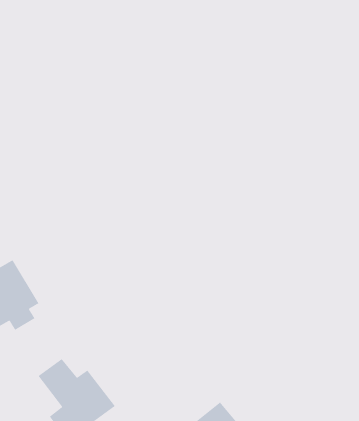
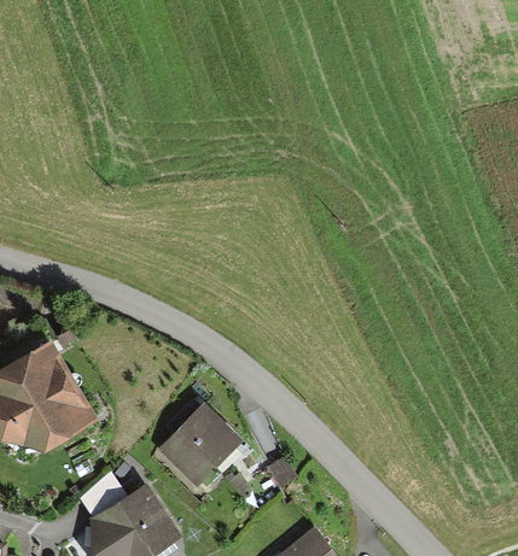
building: none -> [161,397,237,488]

